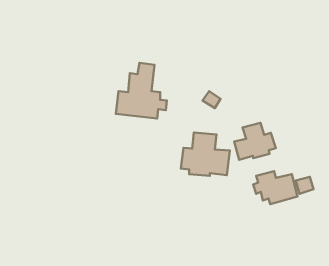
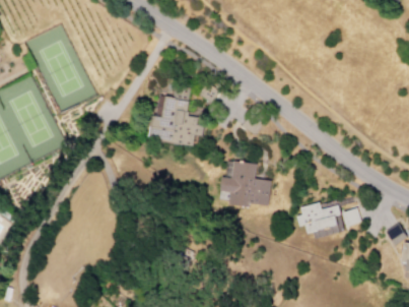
building: [234,123,276,160] -> none

